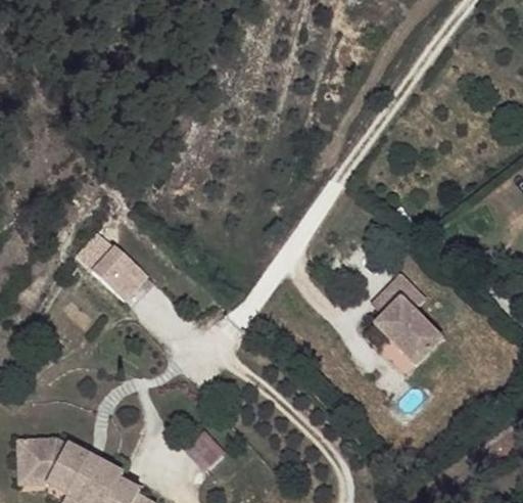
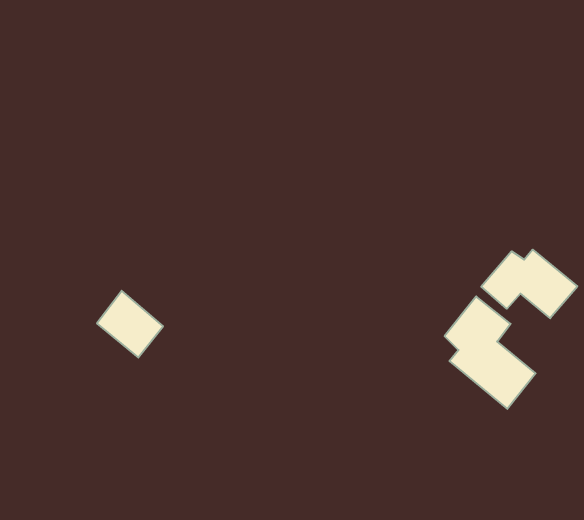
building: none -> [481,250,577,318]

